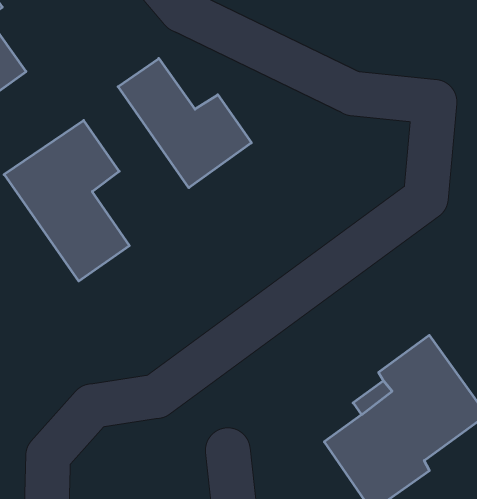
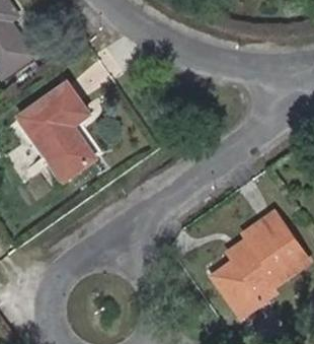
building: [118,58,251,188] -> none

